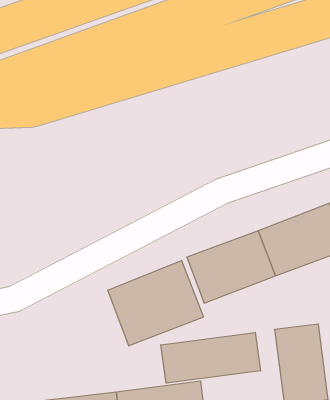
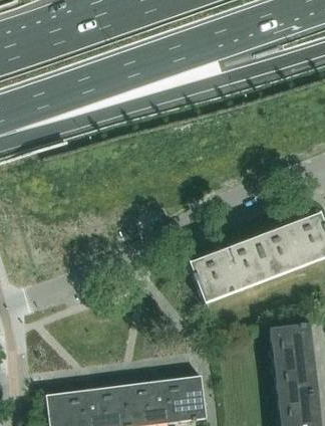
building: [108,260,204,346] -> none
building: [161,332,261,383] -> none

